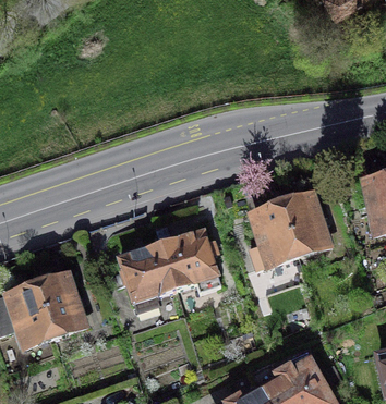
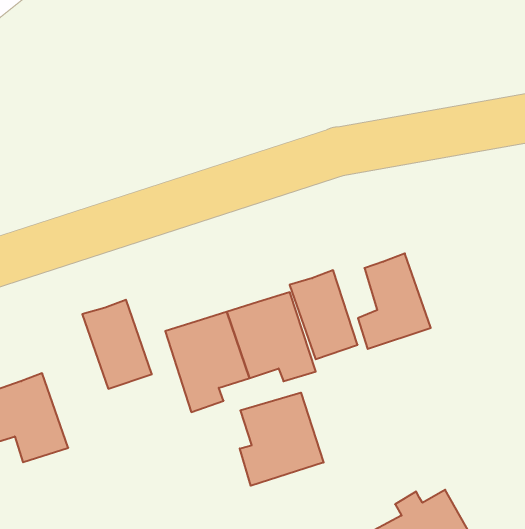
building: [281,192,327,252] -> [290,270,358,359]
building: [37,272,84,332] -> [82,300,152,389]
building: none -> [240,393,324,486]

